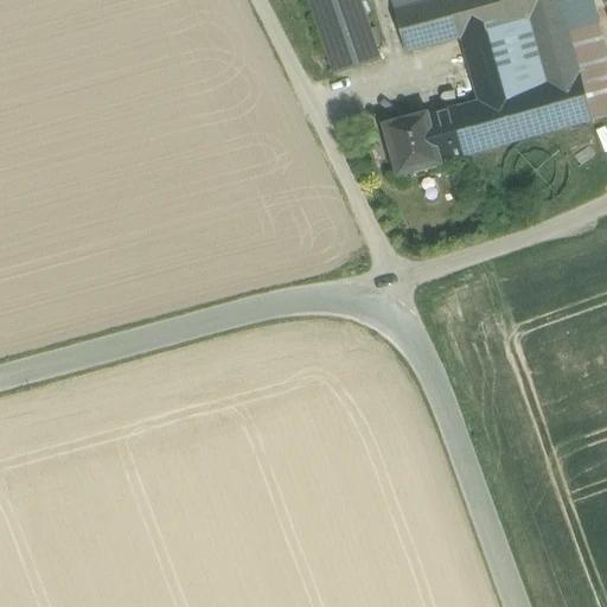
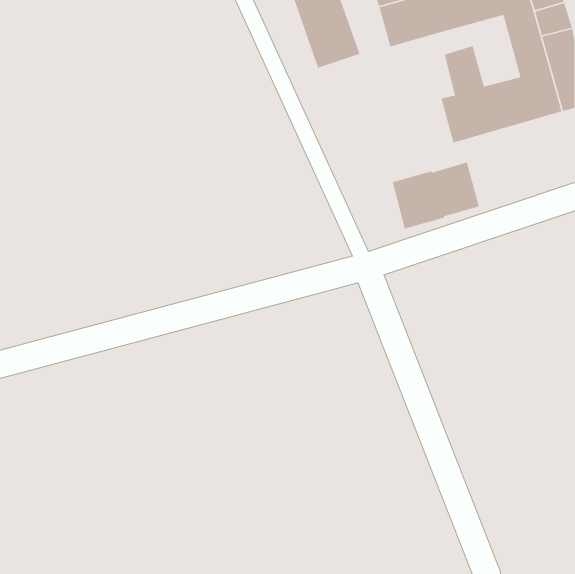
building: [459,17,545,90] -> none
building: [383,103,475,174] -> [392,162,480,229]

